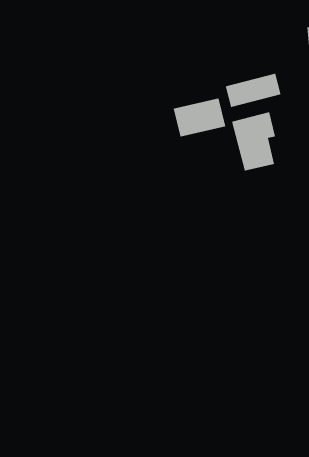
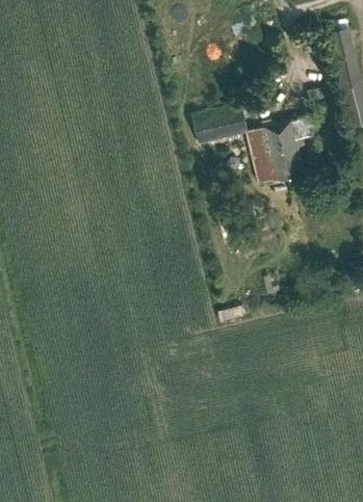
building: [225,73,281,108] -> none

